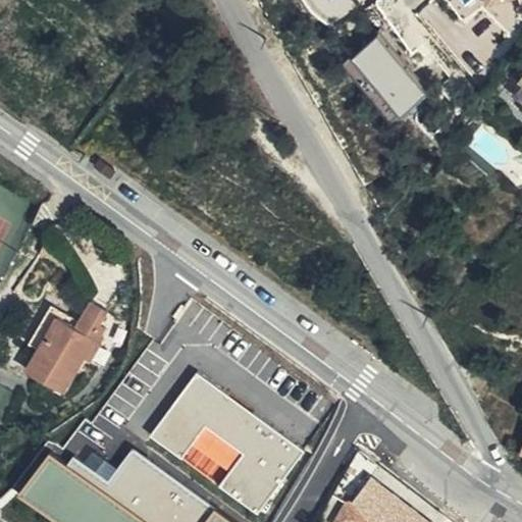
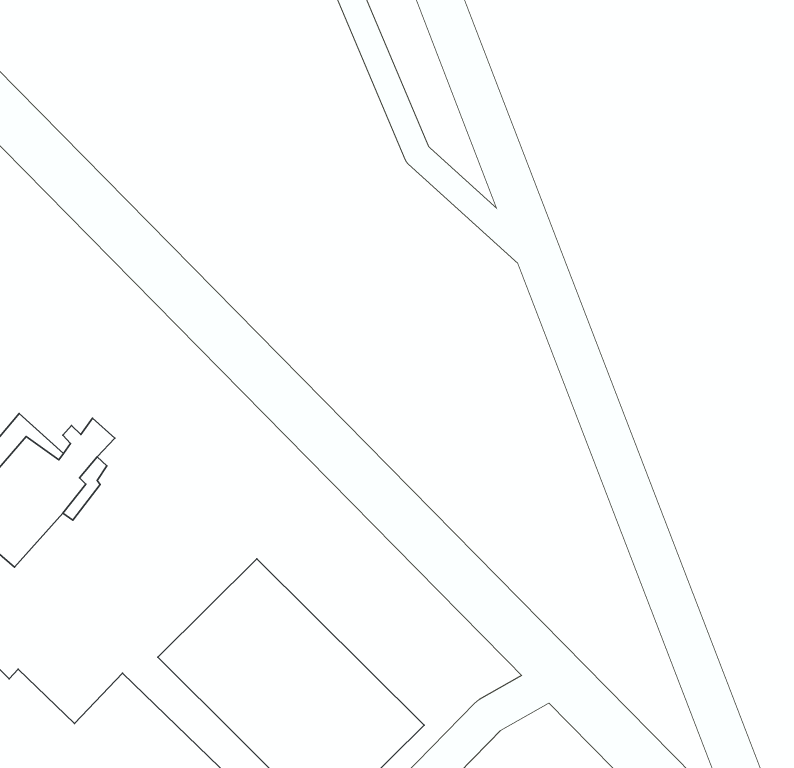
building: [354,34,426,111] -> none

